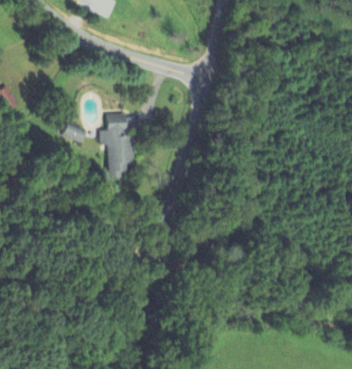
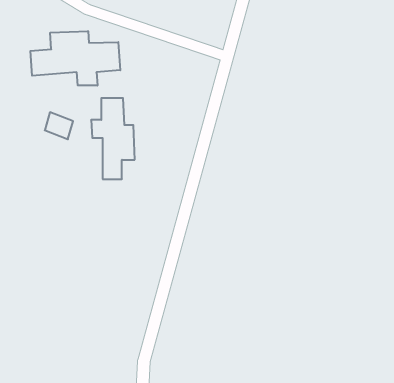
building: none -> [30,31,120,86]

